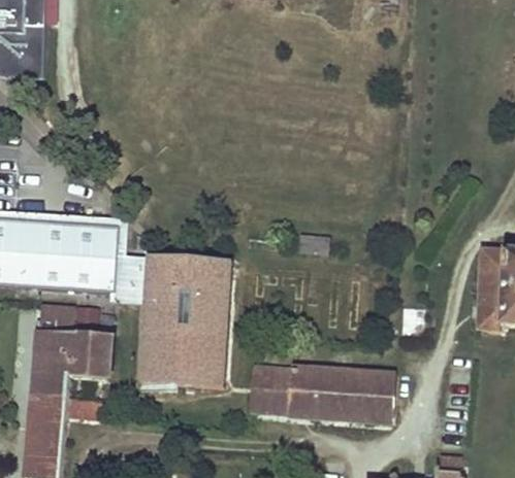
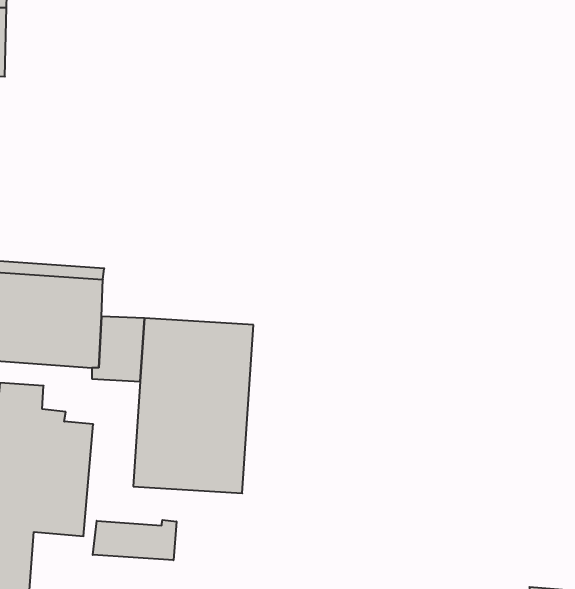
building: [249,364,394,419] -> none
building: none -> [93,520,176,560]

